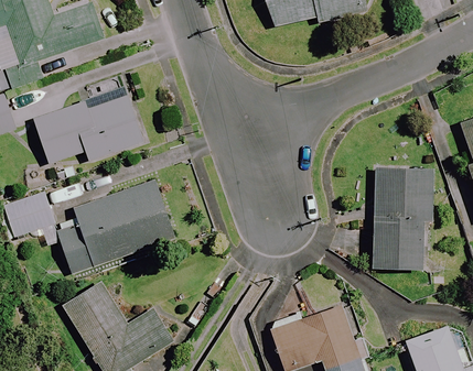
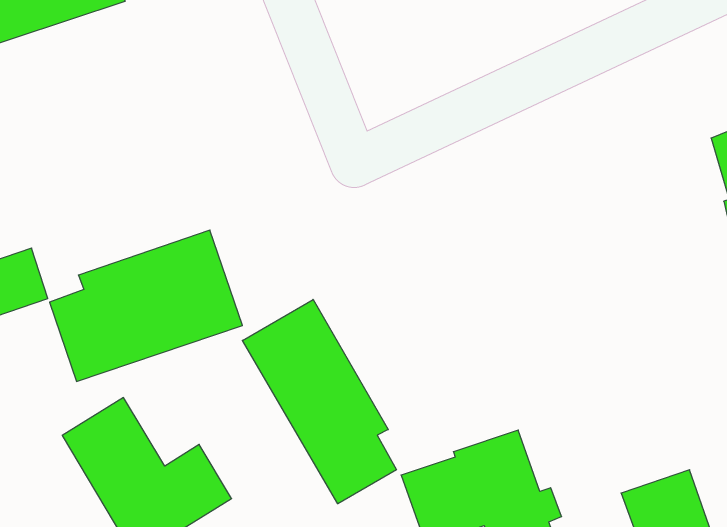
building: [34,87,144,163] -> none
building: [373,167,433,269] -> none
building: none -> [242,299,396,504]

